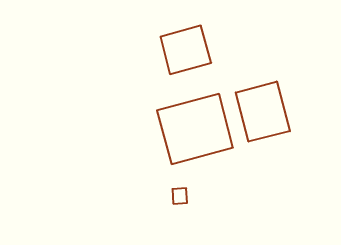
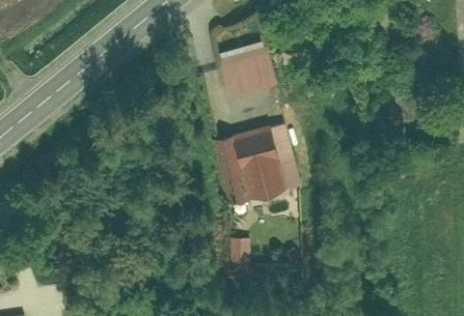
building: [236,81,290,142] -> none

